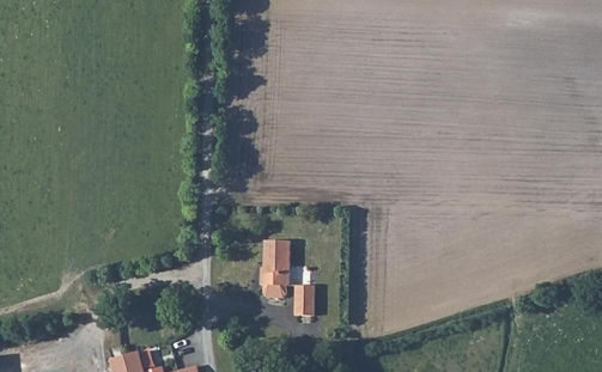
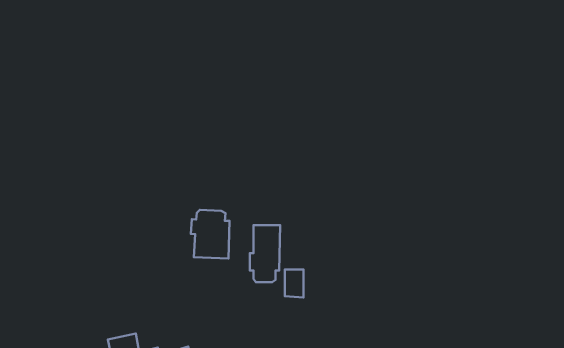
building: none -> [191,210,230,259]

